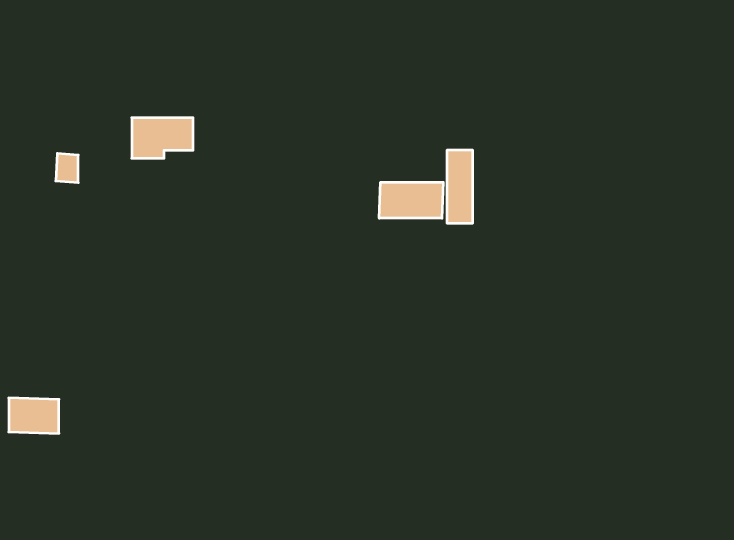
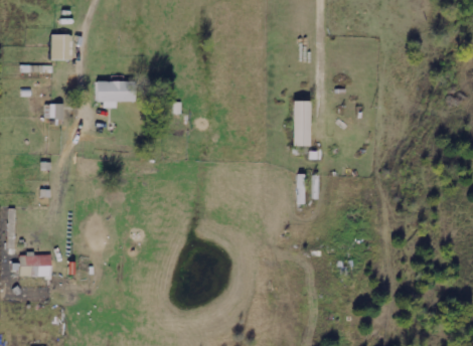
building: none -> [51,34,72,59]
building: [379,182,443,218] -> none

